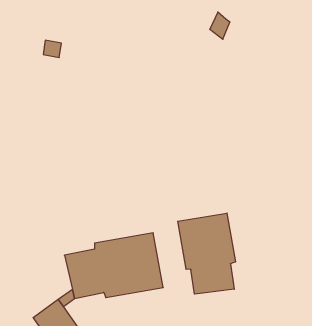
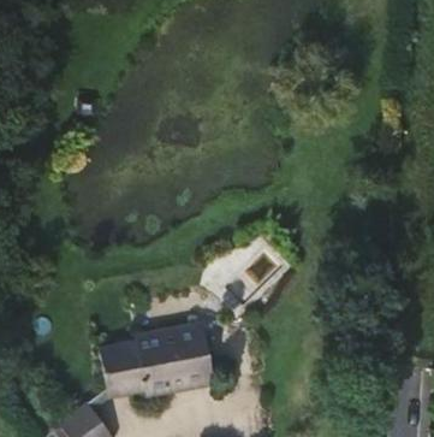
building: [178,213,236,294] -> none

